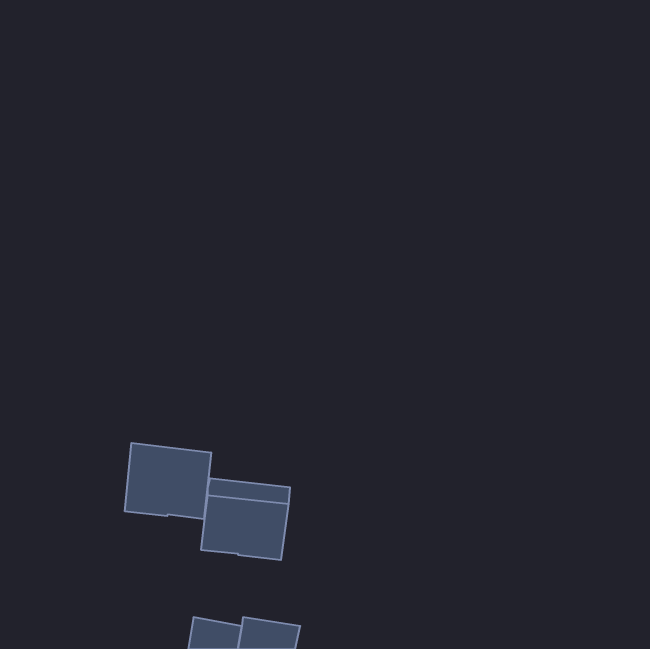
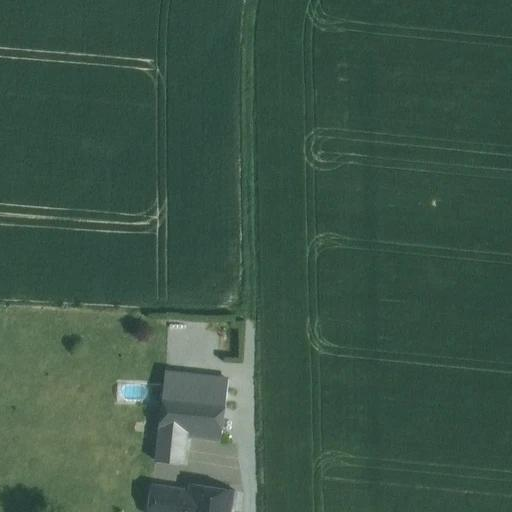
building: [125,443,211,519] -> none
building: none -> [155,432,187,464]

